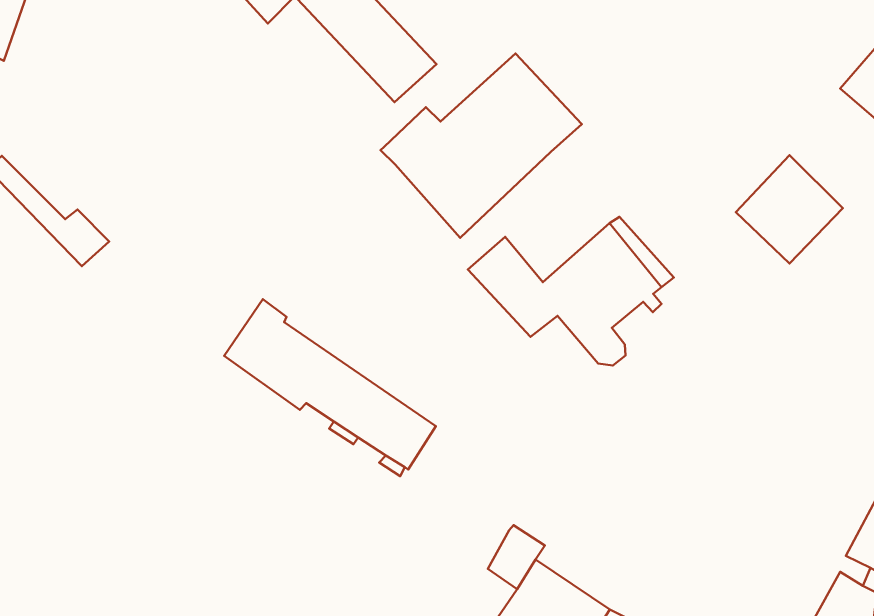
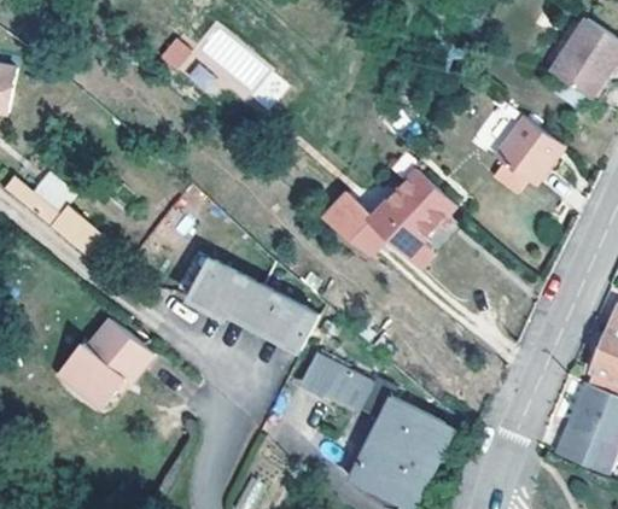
building: [380,53,582,238] -> none
building: none -> [64,326,158,415]
building: none -> [302,352,371,405]

